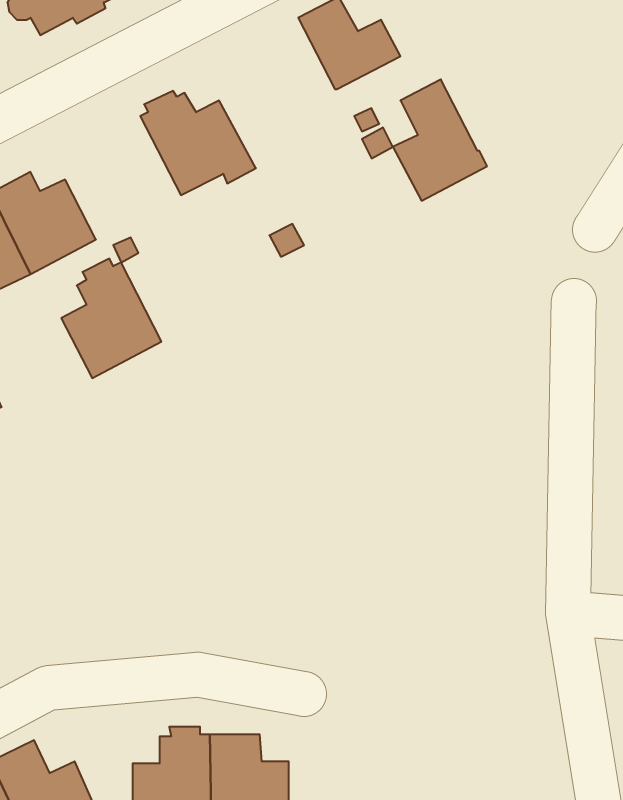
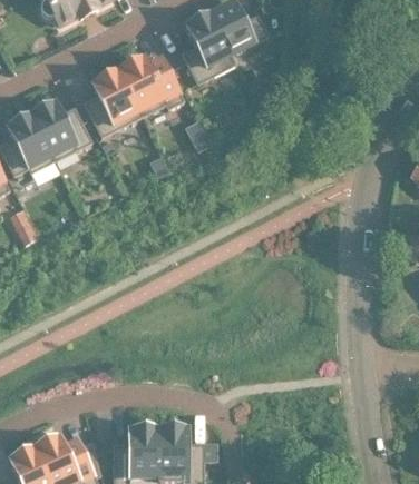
building: [393,79,487,201] -> [181,12,235,82]
building: [61,259,161,378] -> [82,67,140,136]

